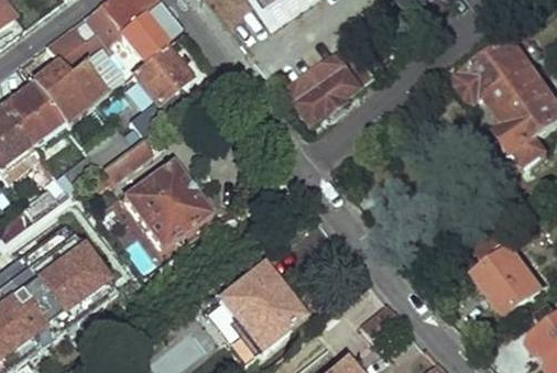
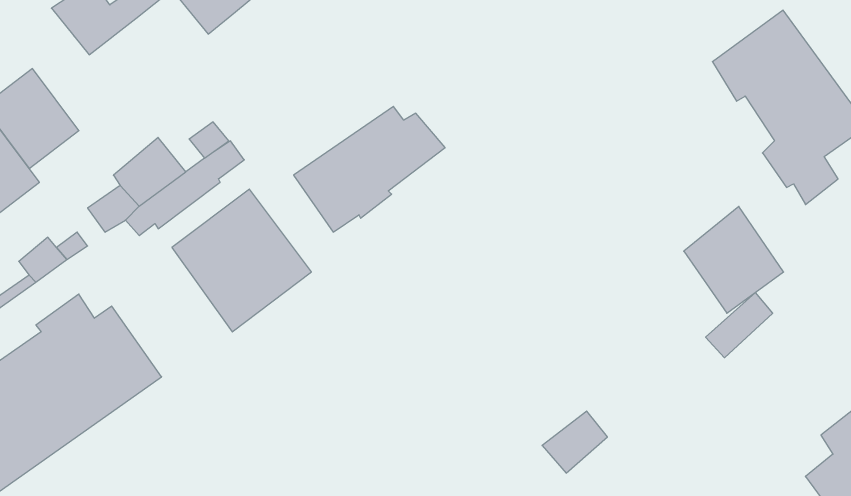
building: [130,45,186,101] -> none
building: [290,45,386,125] -> [294,106,445,232]
building: [31,50,120,125] -> none
building: [478,244,542,312] -> [684,206,784,313]
building: [217,260,303,347] -> none

